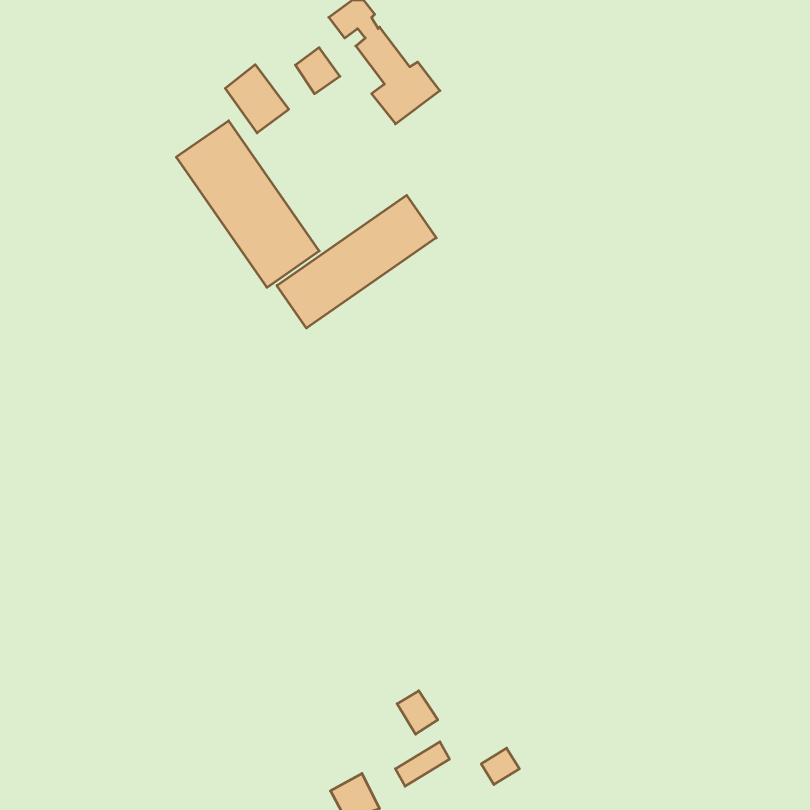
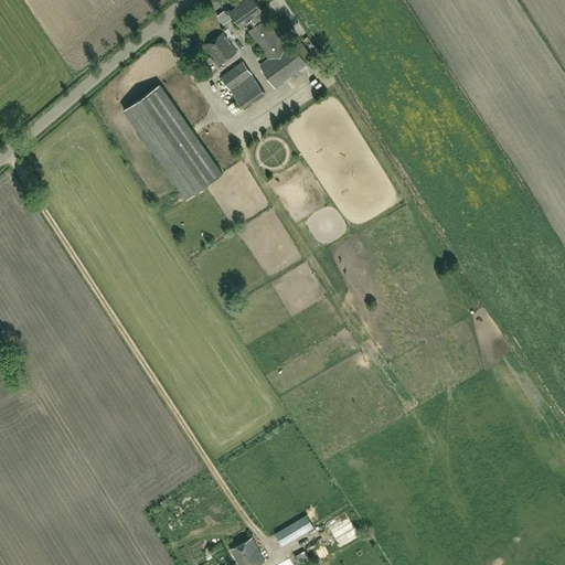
building: [225,65,289,133] -> [221,63,265,110]
building: [277,195,436,328] -> none
building: [397,691,438,734] -> none

